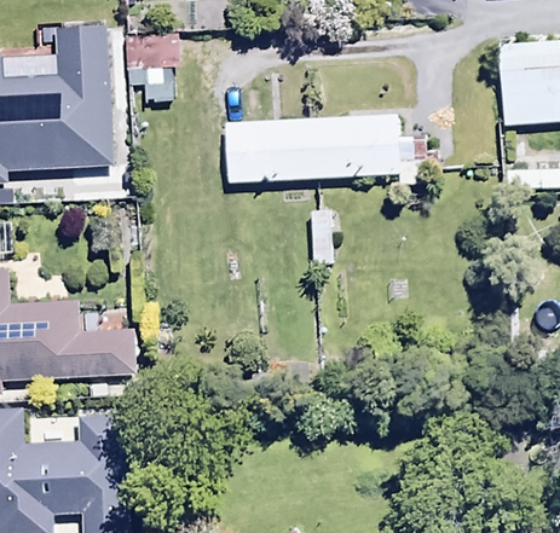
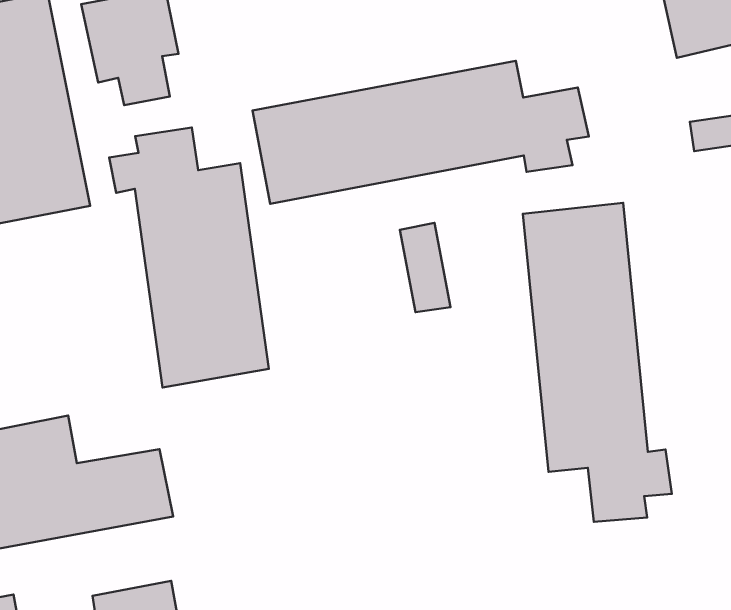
building: none -> [109,127,269,388]
building: none -> [523,203,672,522]

